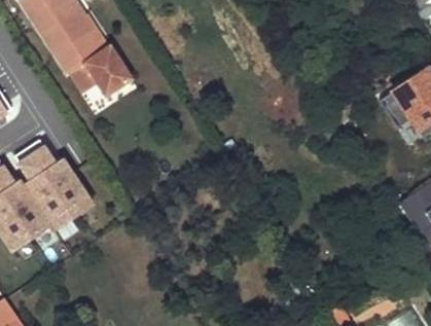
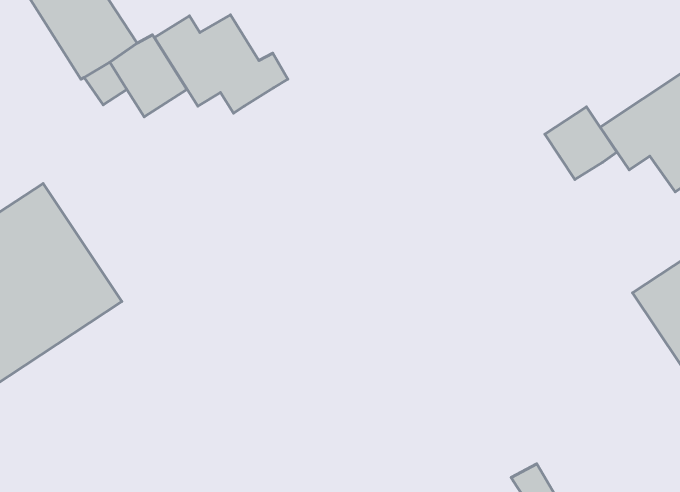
building: none -> [154,15,288,113]
building: none -> [545,107,617,179]

